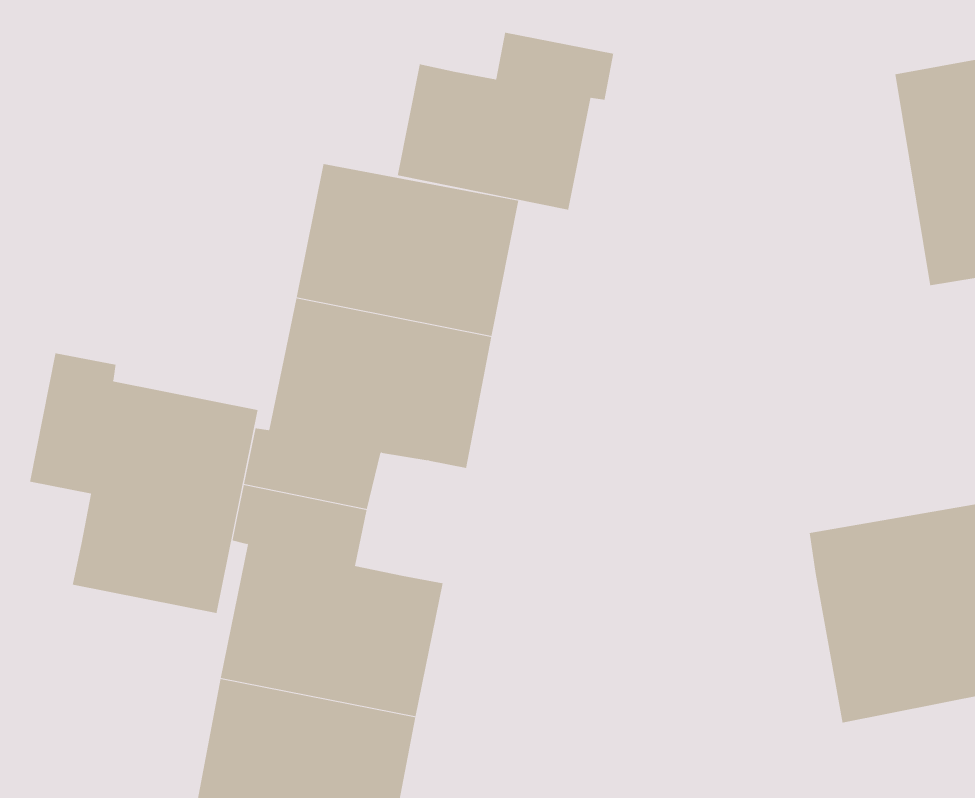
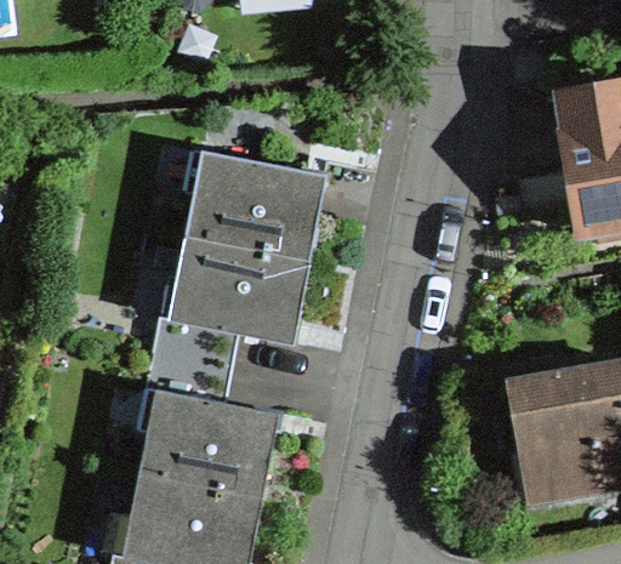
building: [397,32,614,210] -> none
building: [30,353,258,614] -> none

